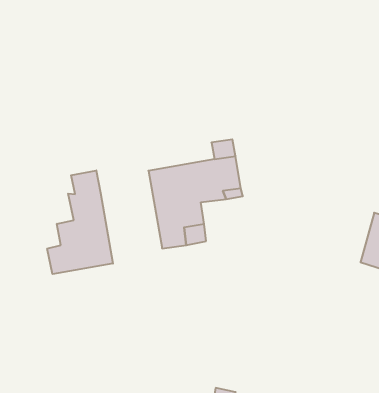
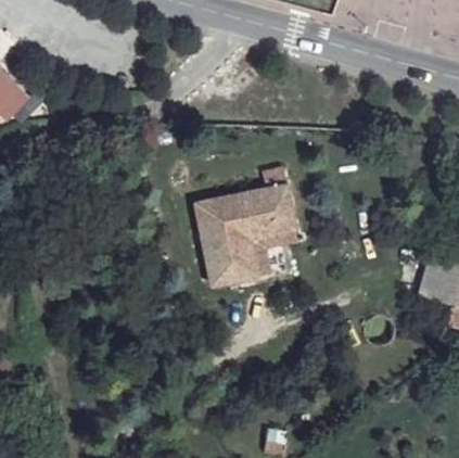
building: [47,170,113,274] -> none

